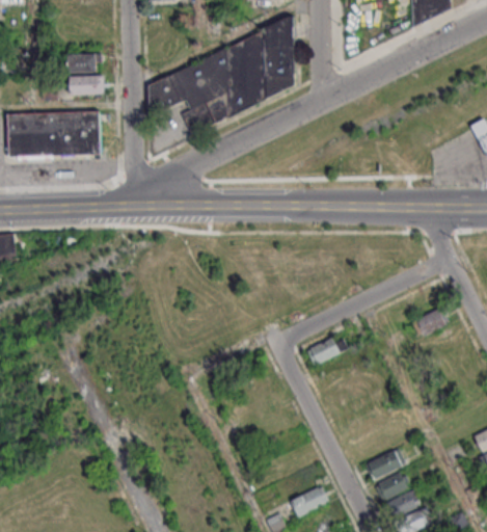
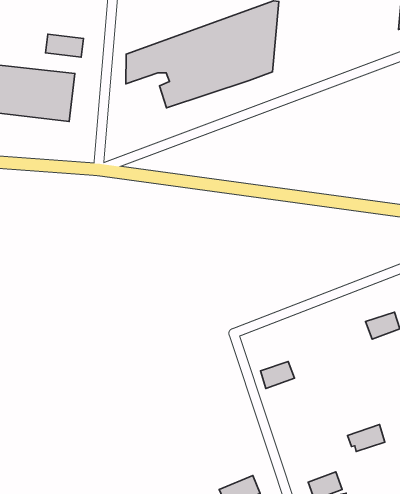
building: [67,53,102,71] -> none
building: [308,336,343,365] -> [260,362,295,389]
building: [367,448,404,477] -> [347,424,385,451]

